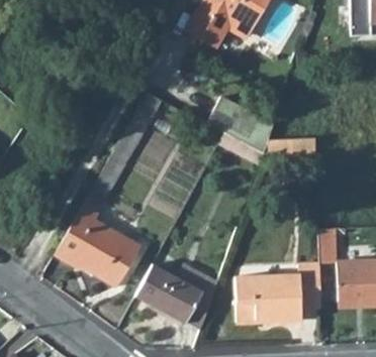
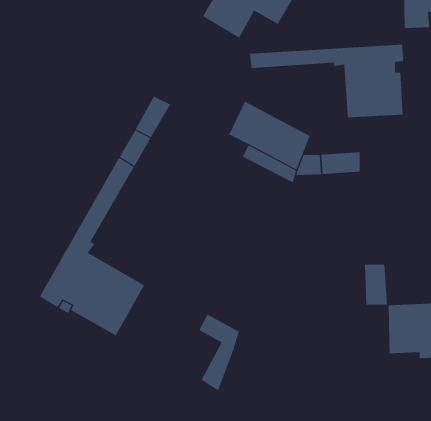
building: none -> [250,44,404,118]
building: [135,264,202,323] -> none
building: [236,264,321,323] -> none

